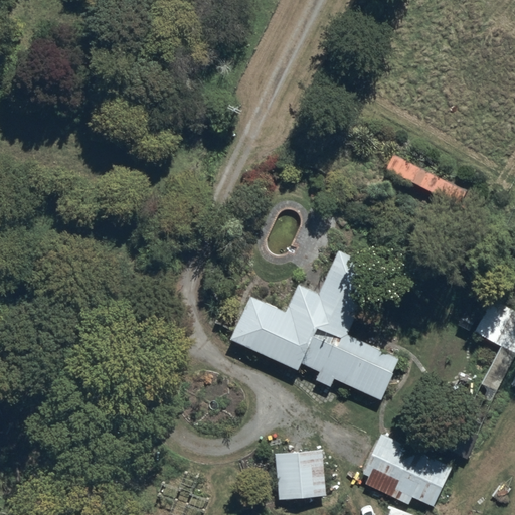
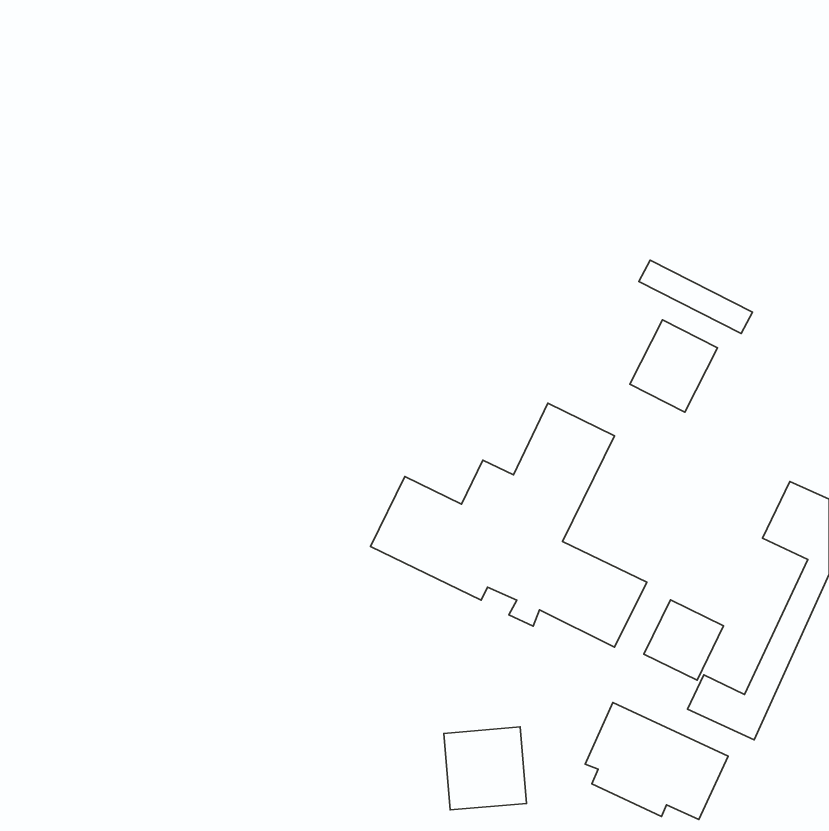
building: none -> [630,320,717,412]
building: none -> [644,600,724,680]

